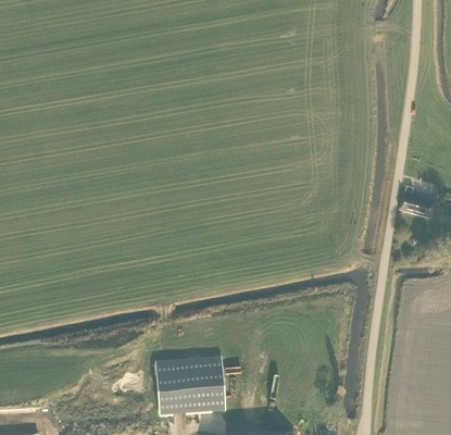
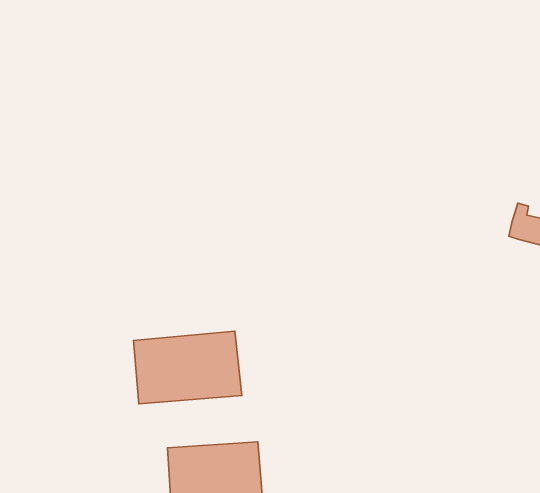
building: none -> [134,331,242,404]

